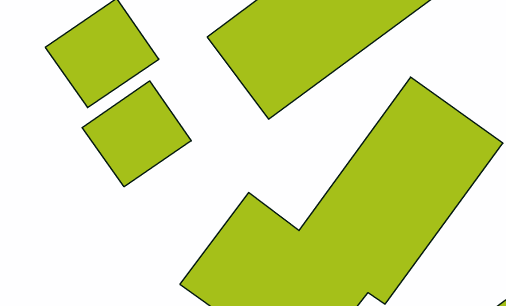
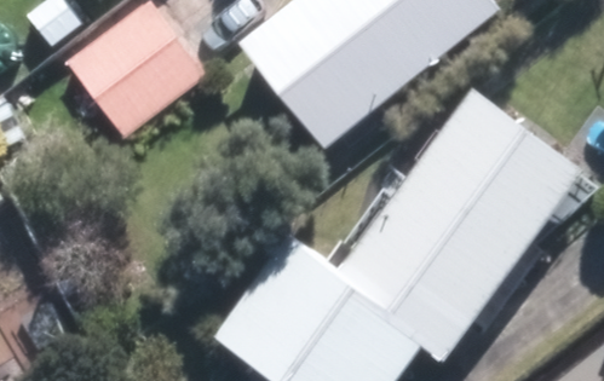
building: [82,81,191,187] -> none

